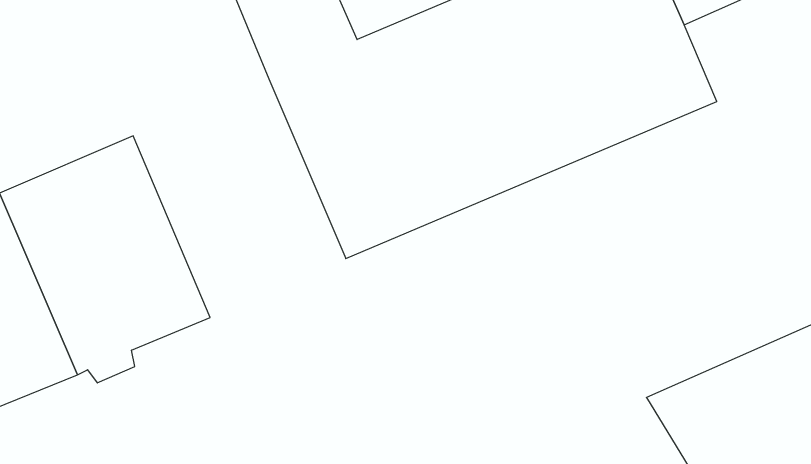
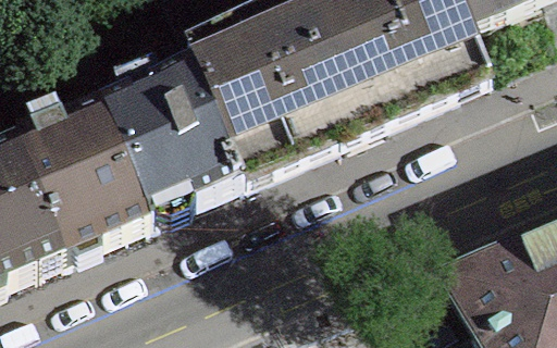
building: none -> [94,61,235,220]

